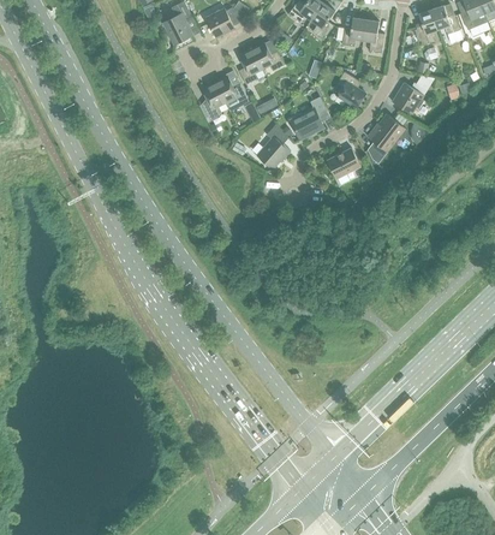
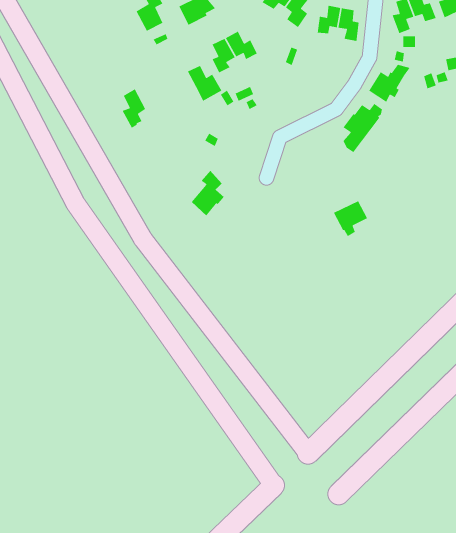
building: [336,70,365,106] -> none
building: [201,81,225,120] -> [122,88,146,129]
building: [290,95,329,138] -> none
building: [256,123,290,168] -> [191,170,225,217]
building: [326,147,360,183] -> [333,200,368,237]

